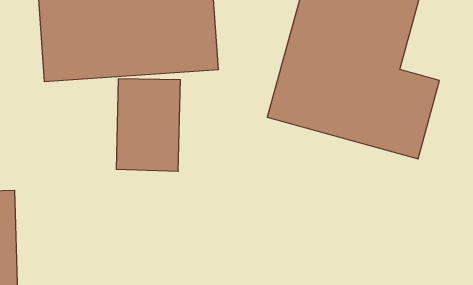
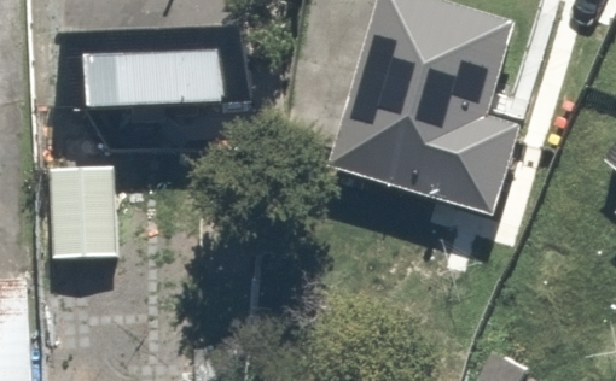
building: [116,79,180,171] -> [35,154,111,264]

